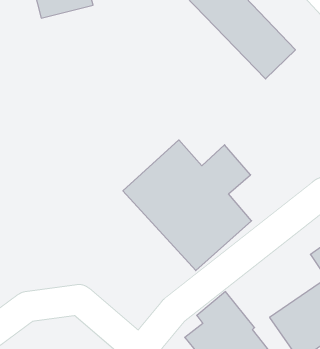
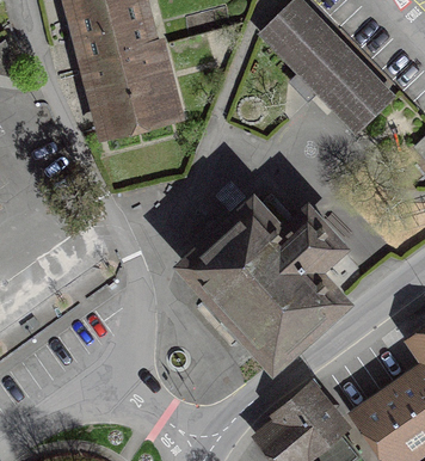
building: none -> [87,44,167,131]

